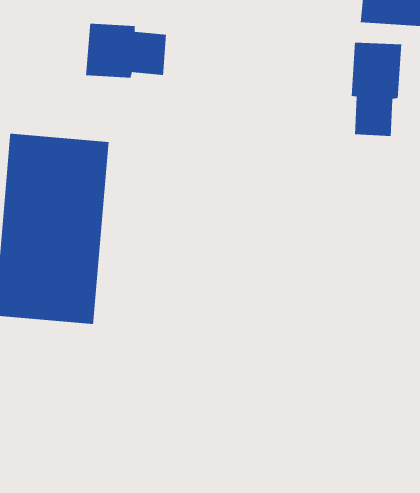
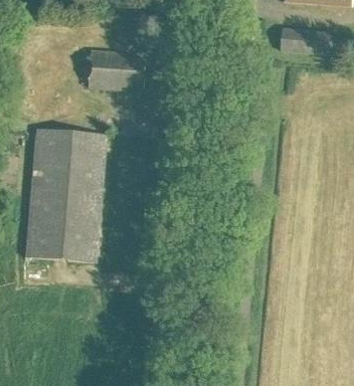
building: [351,42,402,137] -> none

